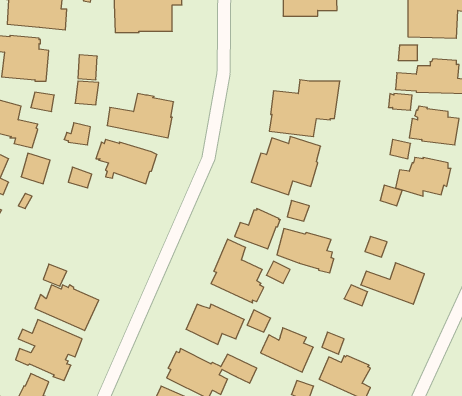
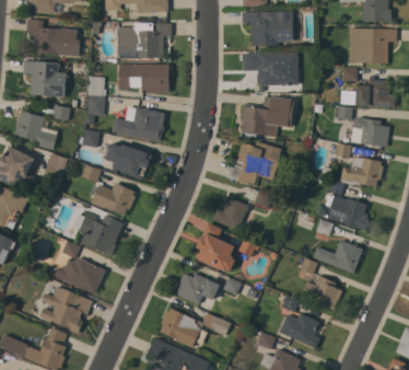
building: none -> [244,54,299,86]
building: none -> [119,65,171,93]
building: none -> [91,183,136,216]
building: none -> [72,212,124,256]
building: [277,229,334,273] -> [325,196,370,231]
building: [261,328,313,372] -> [301,276,342,311]

